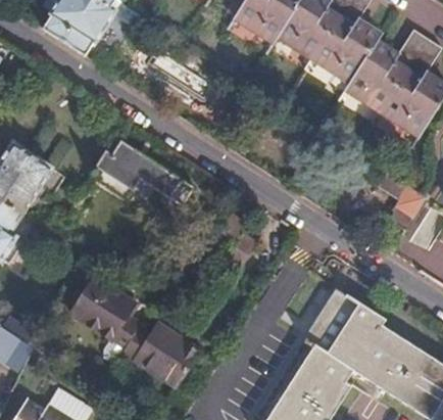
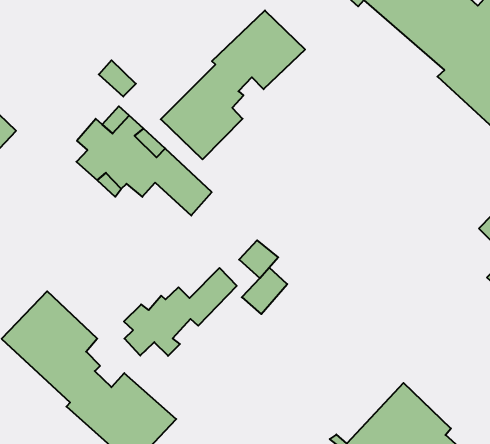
building: none -> [161,10,305,159]
building: none -> [124,268,237,356]

